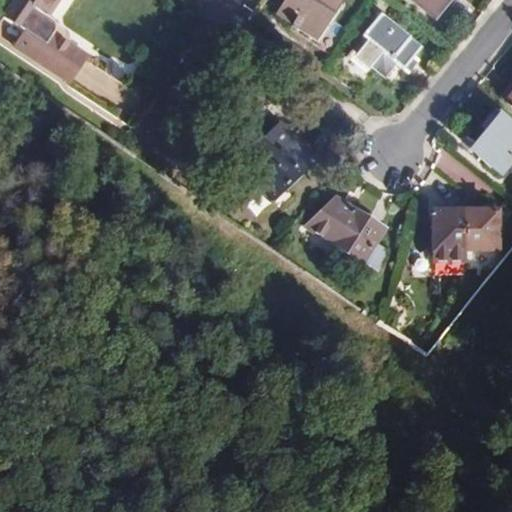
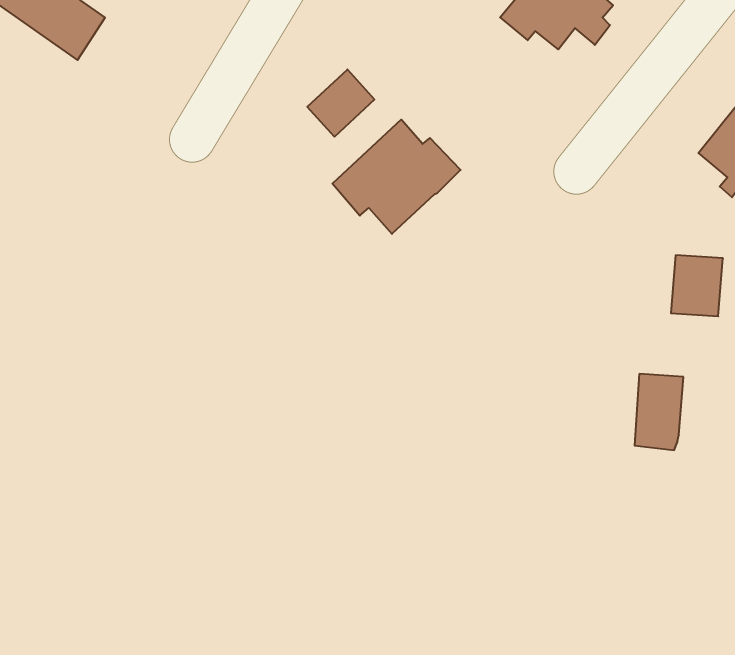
building: none -> [307,69,374,137]
building: [307,195,386,267] -> none
building: [429,208,461,258] -> [635,374,683,450]

